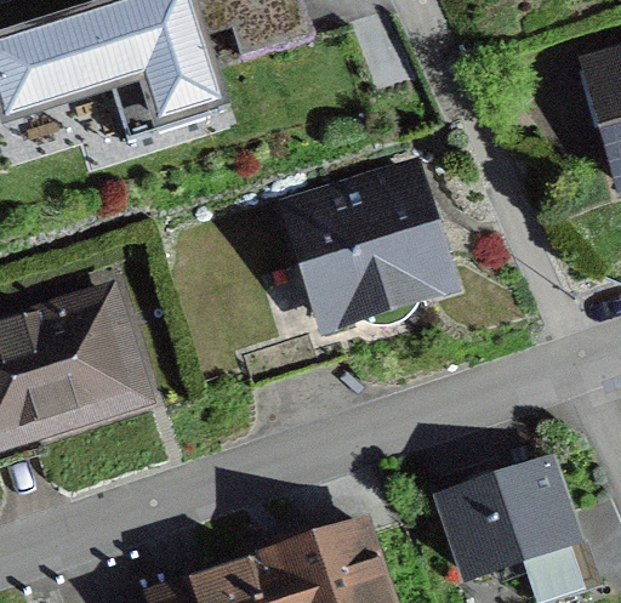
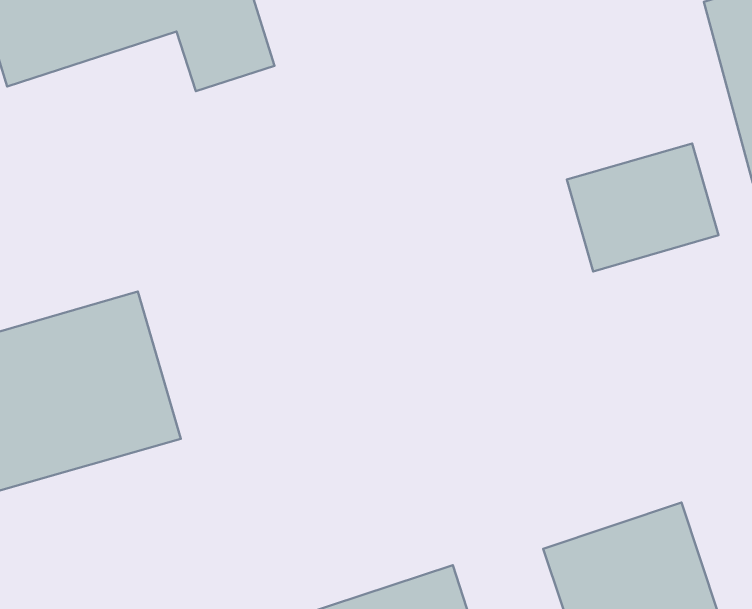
building: none -> [567,144,718,271]
building: [283,166,451,322] -> none

